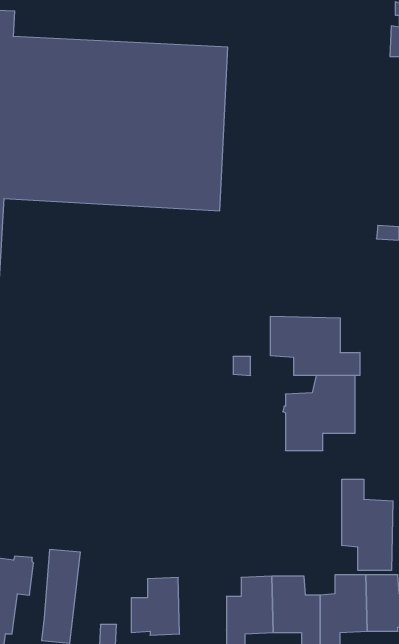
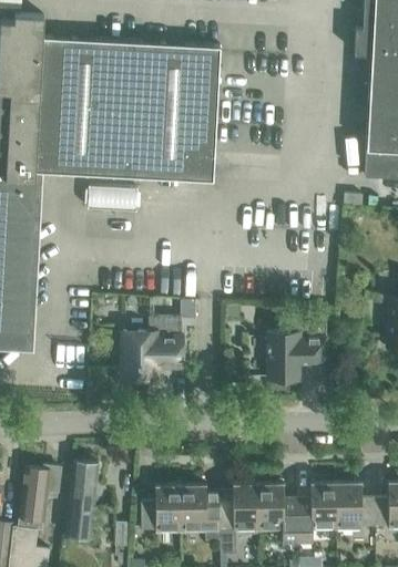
building: [271,316,360,375] -> none
building: none -> [123,318,182,379]
building: [342,479,393,570] -> none
building: none -> [180,485,220,532]

